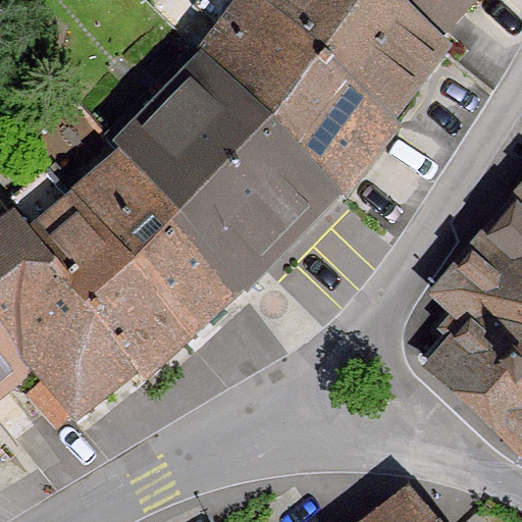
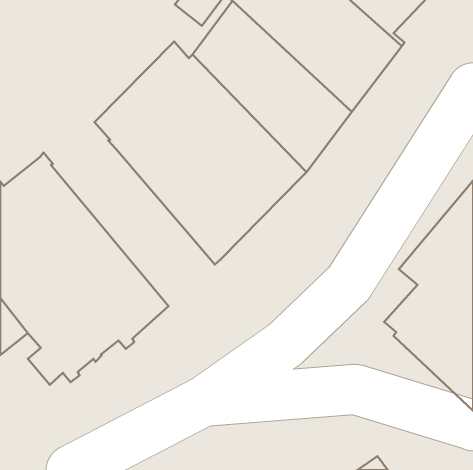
building: [56,164,237,337] -> none

